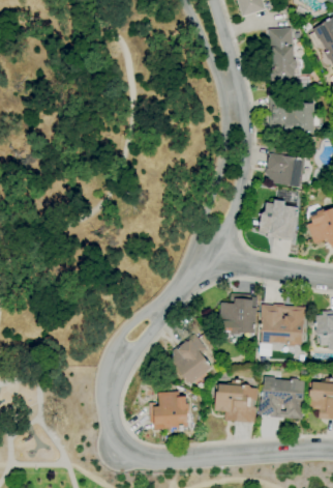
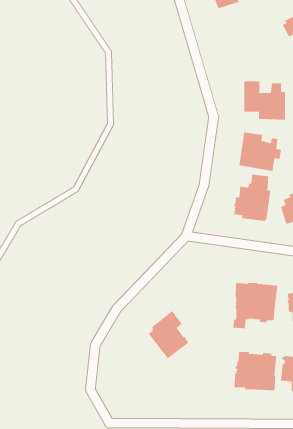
building: [269,28,310,90] -> none
building: [219,293,258,335] -> none
building: [215,379,258,423] -> none
building: [149,392,189,430] -> none

